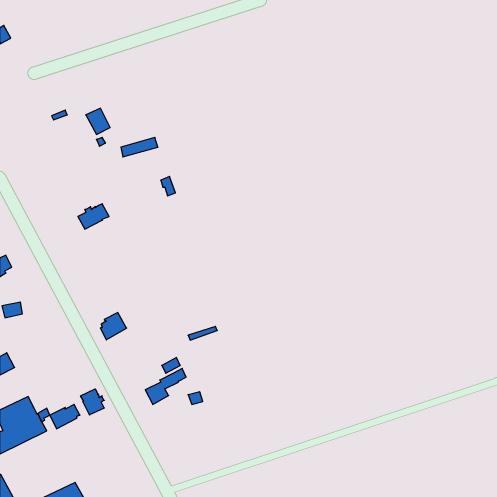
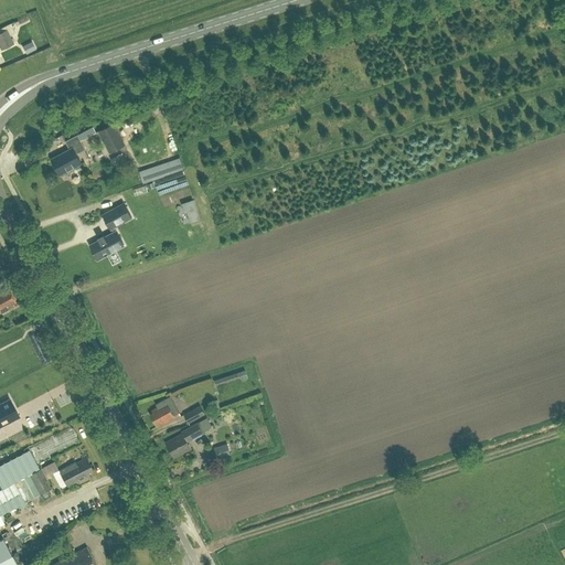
building: none -> [50,127,94,177]
building: none -> [102,203,131,234]
building: [100,313,127,340] -> [149,397,179,428]
building: [81,389,104,415] -> none

